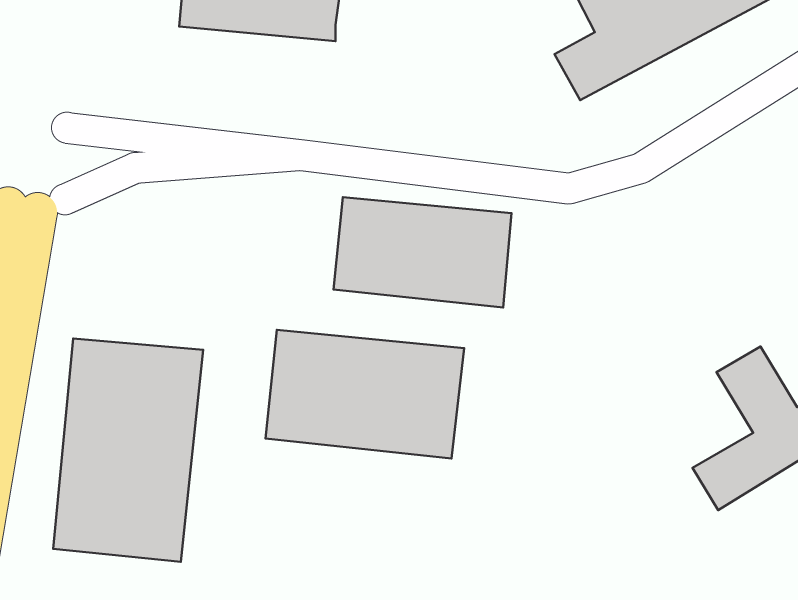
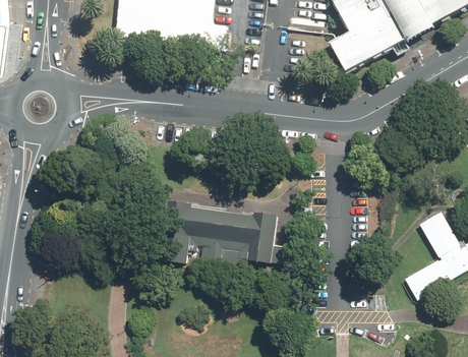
building: [333,197,511,308] -> none
building: [53,338,203,562] -> none

